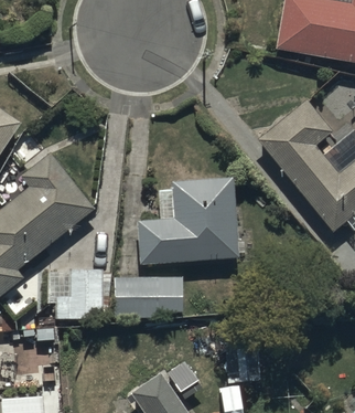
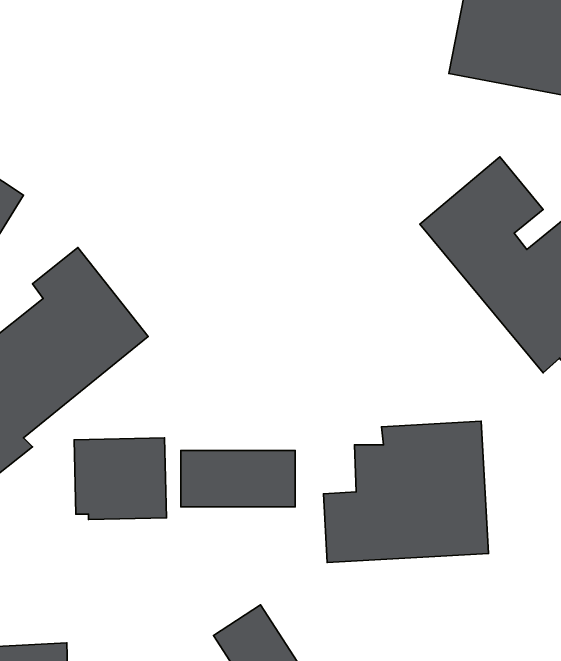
building: [138,176,238,262] -> [324,421,488,563]

